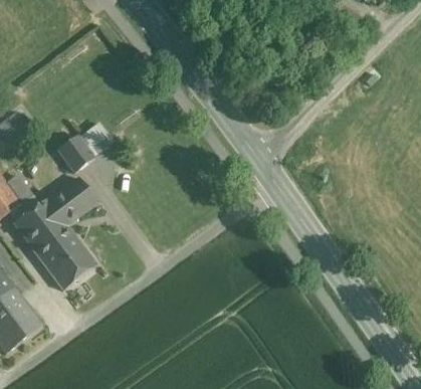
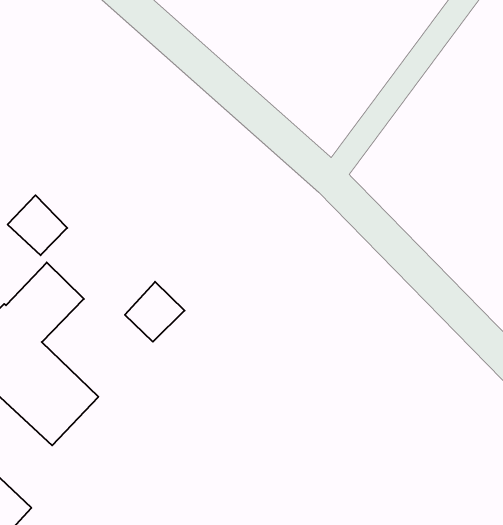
building: none -> [125,282,185,342]

